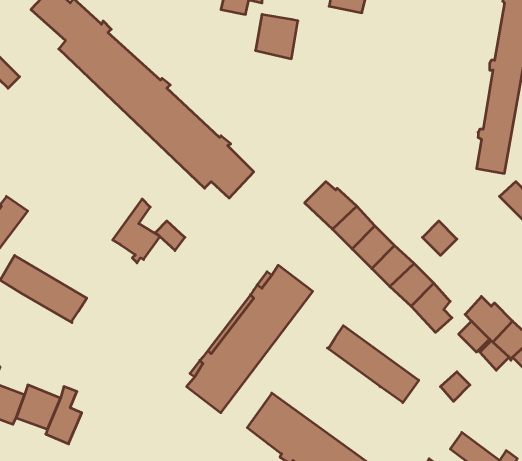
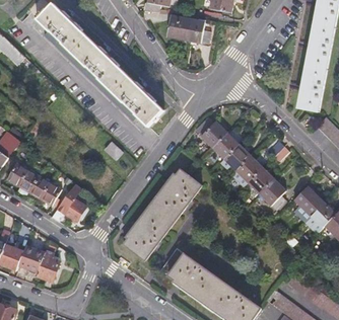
building: none -> [188,18,210,45]
building: [113,199,160,263] -> [57,183,86,223]
building: [327,326,419,403] -> none

